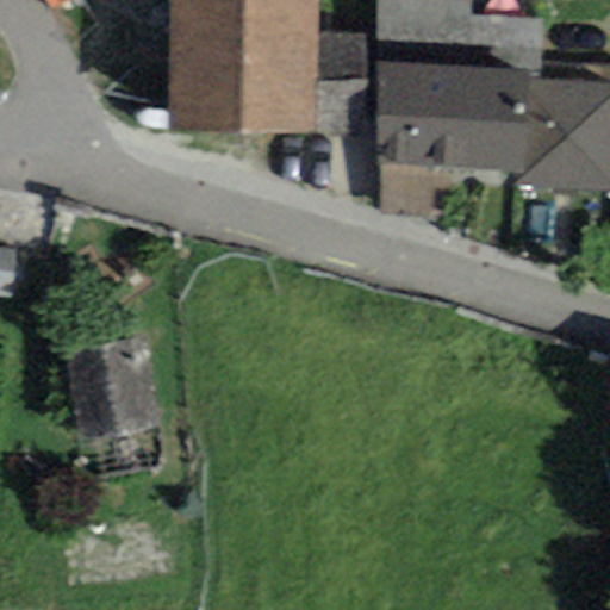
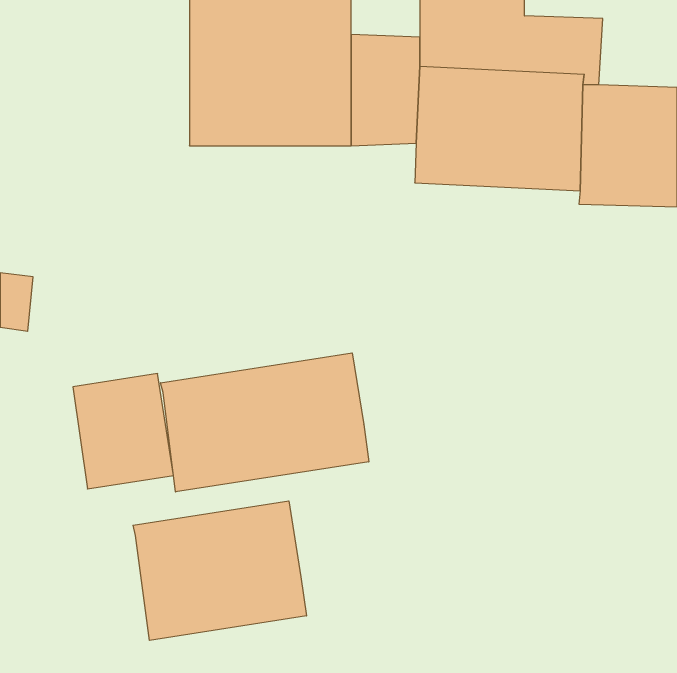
building: none -> [161,353,369,492]
building: none -> [133,501,306,640]

